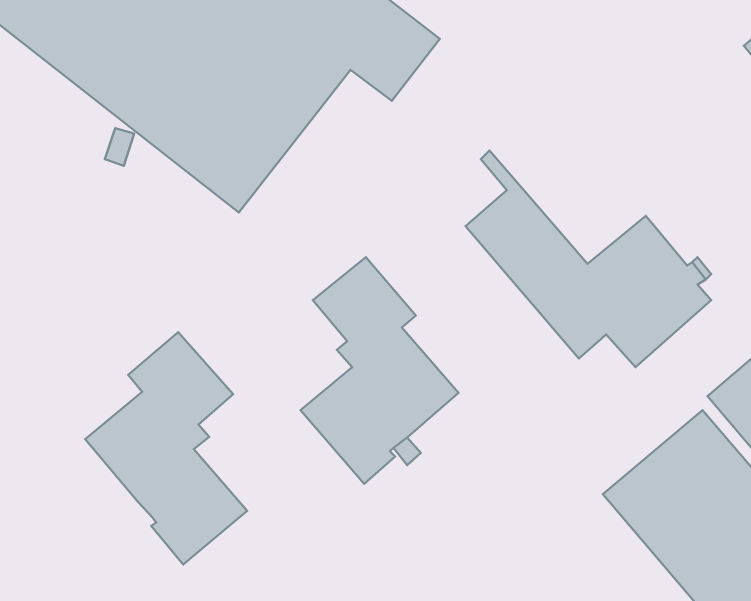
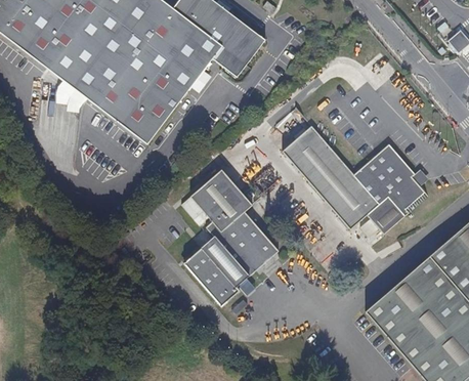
building: [85,332,247,565] -> none

